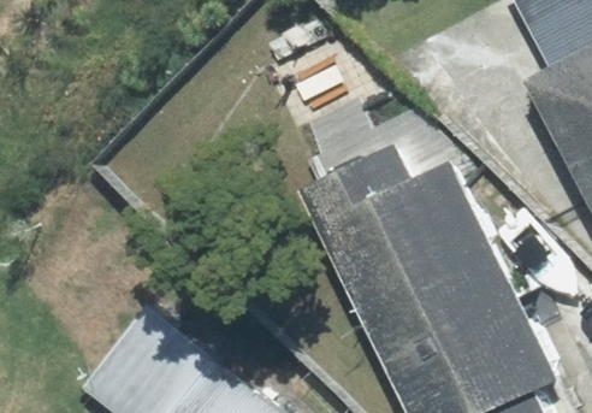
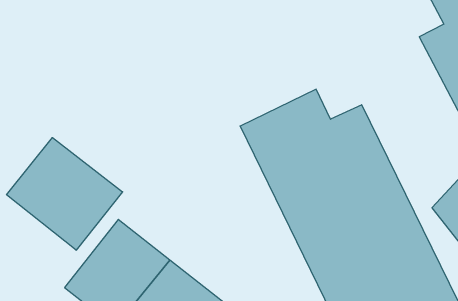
building: none -> [7,138,123,250]

